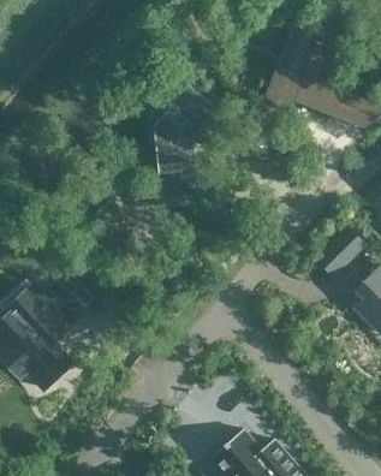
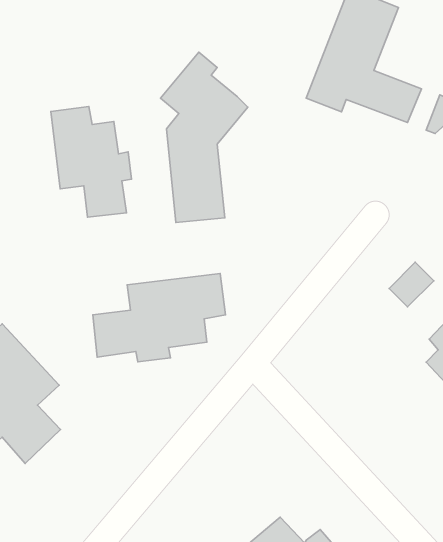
building: none -> [51,106,131,217]
building: none -> [93,273,226,362]

